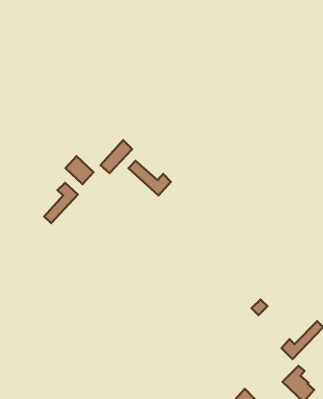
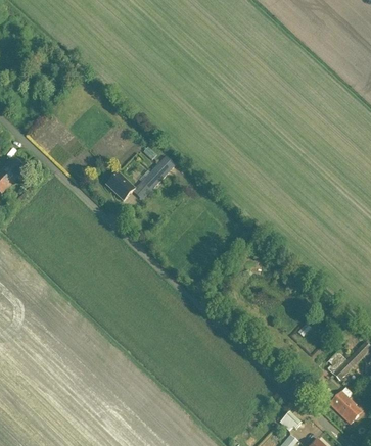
building: [129,161,171,196] -> none
building: [44,183,78,223] -> none

